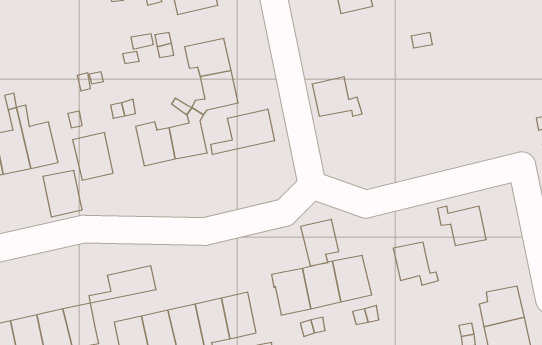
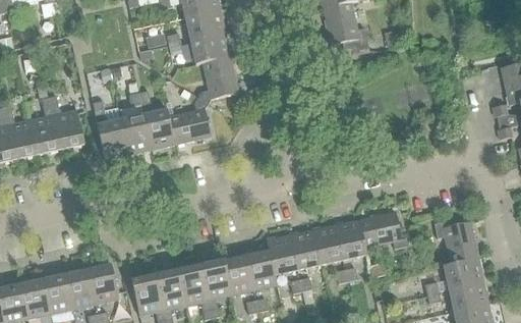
building: none -> [185,9,225,45]
building: [312,77,362,116] -> [325,10,367,44]
building: [211,109,274,155] -> none
building: [43,170,82,217] -> [123,113,157,153]
building: [437,206,486,246] -> [433,221,475,255]
building: [301,219,339,266] -> [343,217,375,257]
building: [89,266,156,303] -> none
building: none -> [245,250,277,289]

